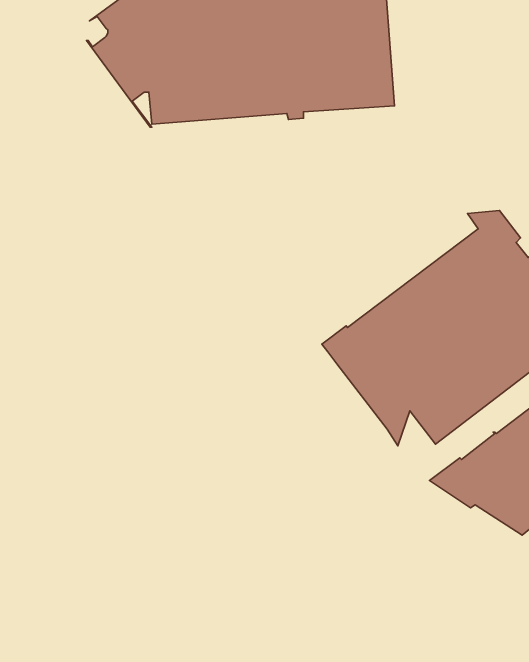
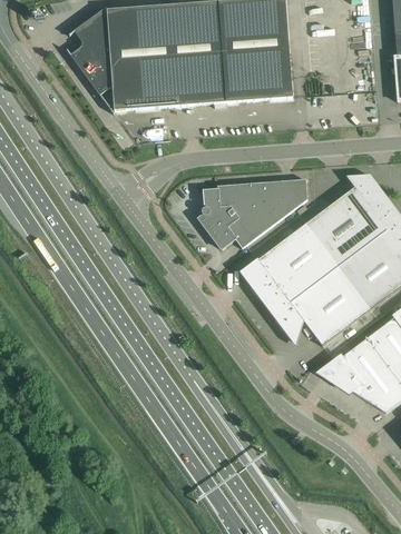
building: none -> [198,178,307,249]

